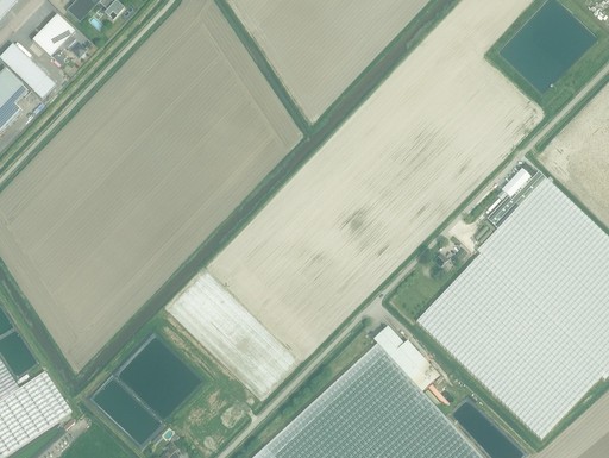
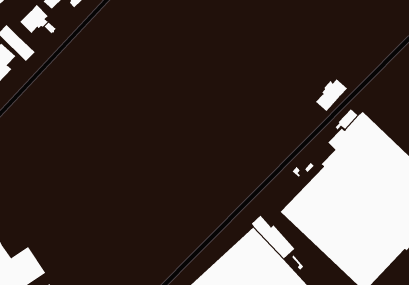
building: none -> [315,79,348,112]

